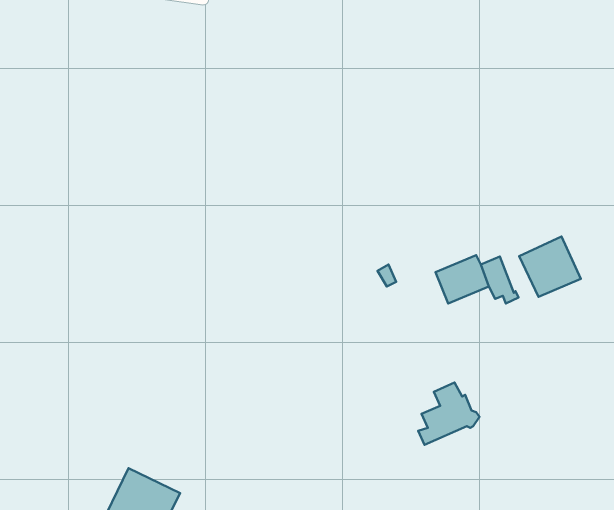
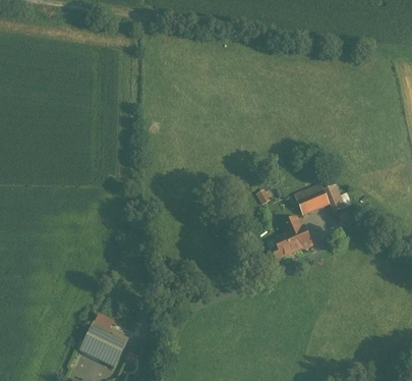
building: [519,237,581,297] -> none
building: [418,382,479,445] -> [273,217,312,258]

